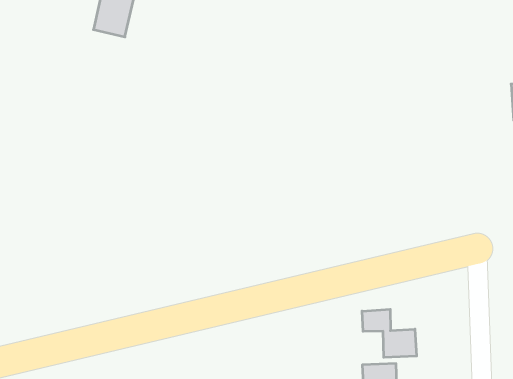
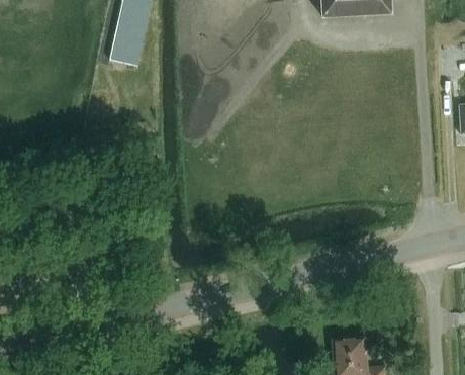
building: [362,309,417,357] -> none

